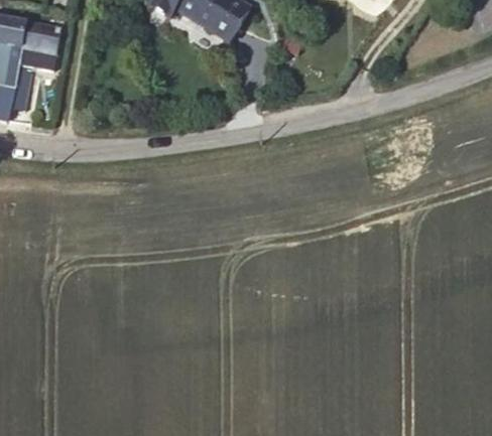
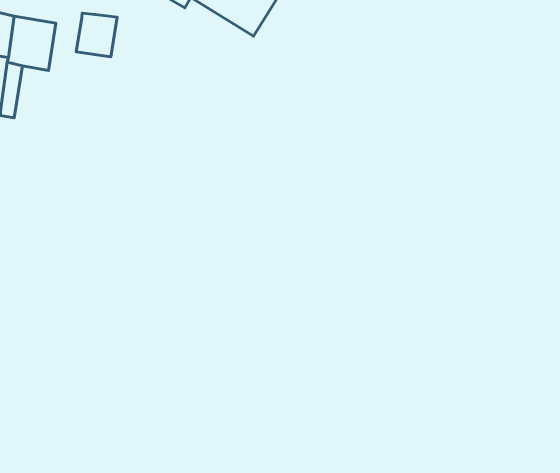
building: none -> [76,13,117,57]

